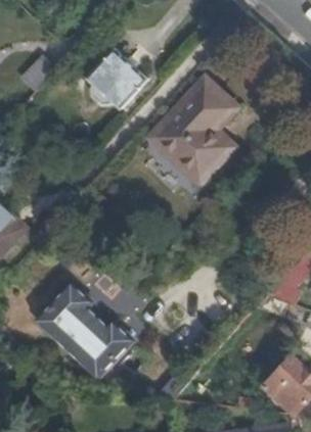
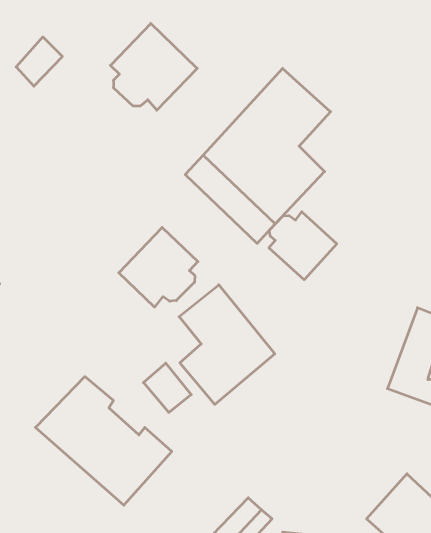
building: none -> [269,212,337,280]
building: none -> [119,227,198,307]
building: none -> [179,285,275,404]

